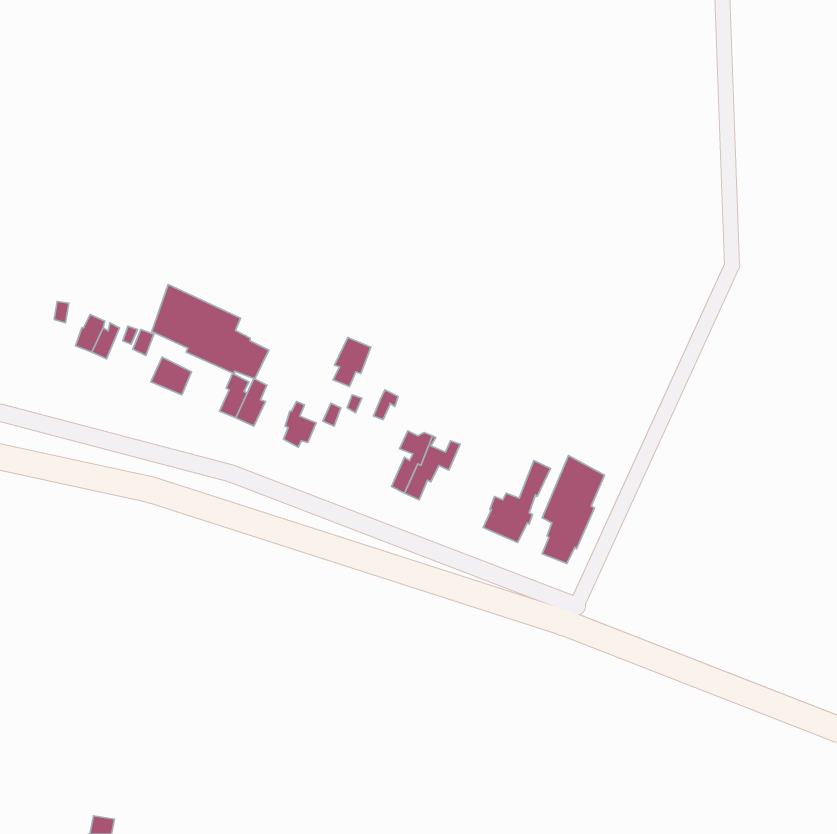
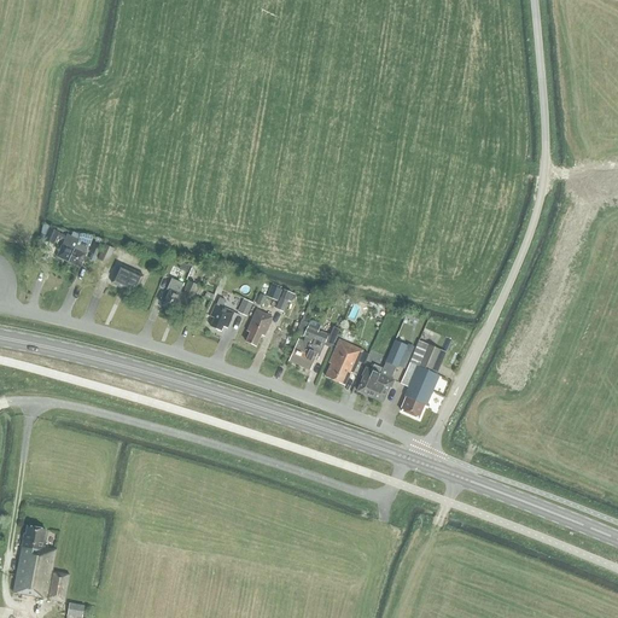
building: [152,285,269,379] -> none
building: [333,337,371,387] -> [244,308,272,344]
building: none -> [325,338,362,383]
building: none -> [12,525,69,601]

